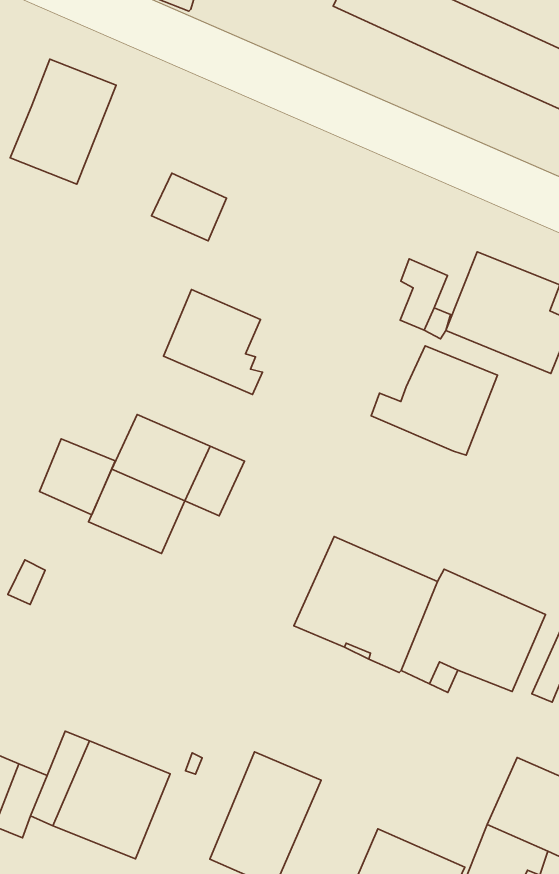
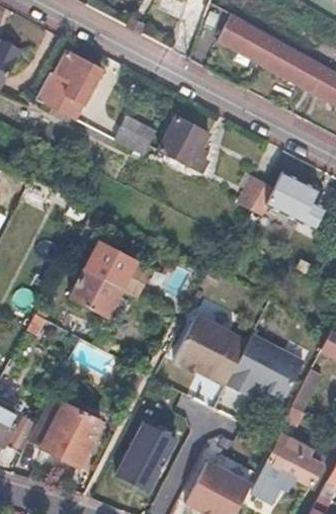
building: [163,289,262,394] -> [156,113,207,170]
building: [371,346,498,455] -> none
building: [39,439,115,515] -> none

